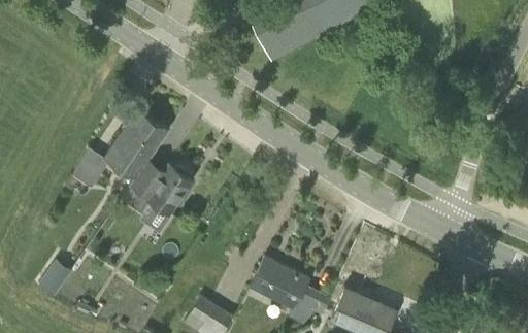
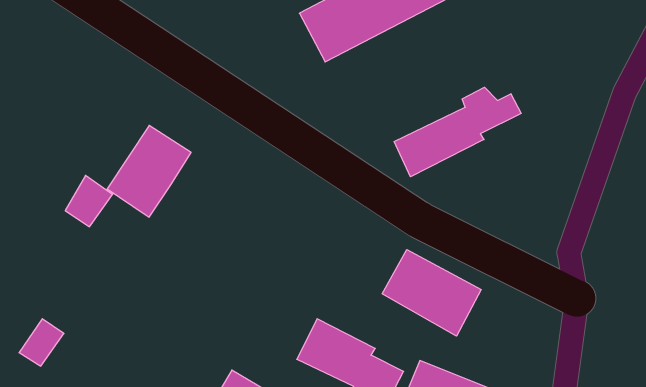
building: none -> [394,87,521,177]
building: [122,154,192,214] -> none
building: none -> [382,250,481,336]

